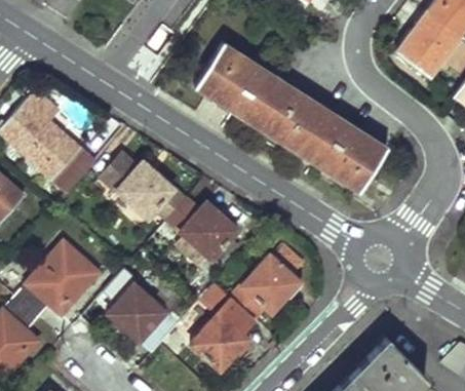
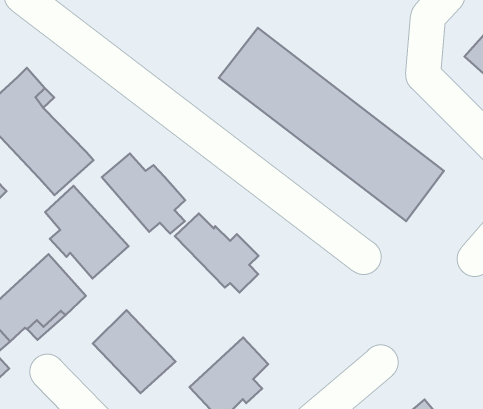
building: none -> [45,186,129,279]
building: [231,255,299,320] -> none

